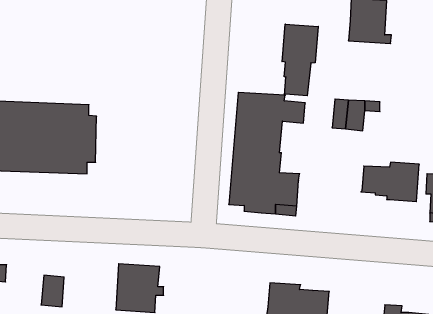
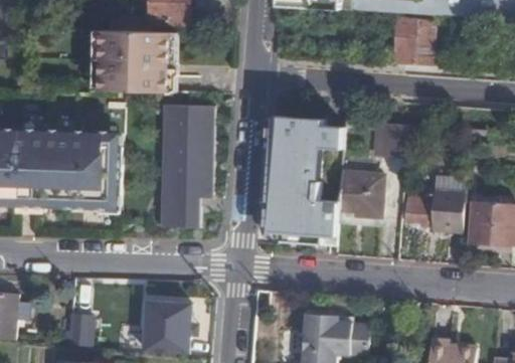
building: none -> [99,26,168,86]
building: [282,24,318,96] -> none
building: none -> [159,98,212,221]
building: none -> [337,172,381,217]

